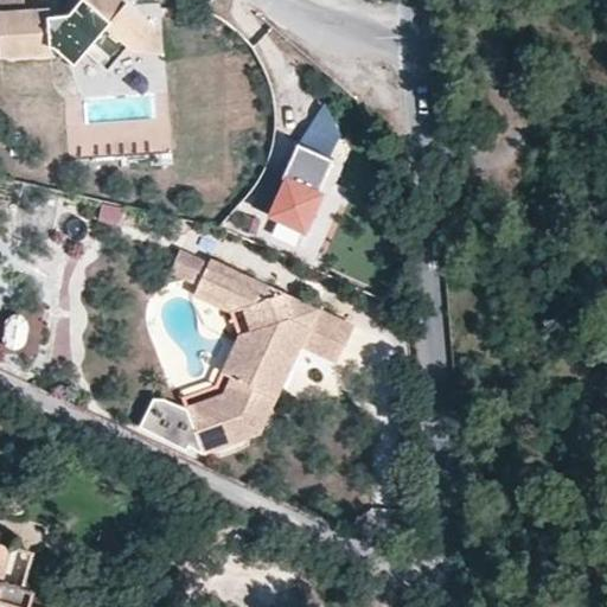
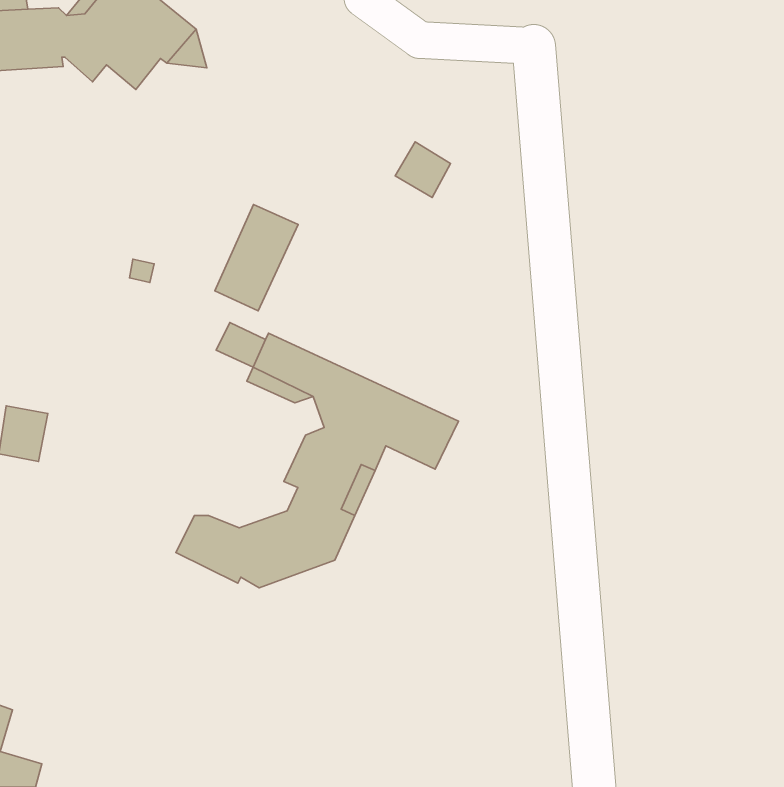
building: [269,151,333,232] -> [215,204,298,311]

